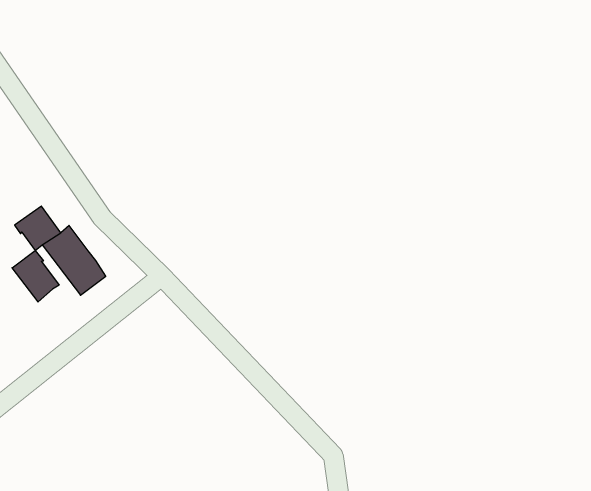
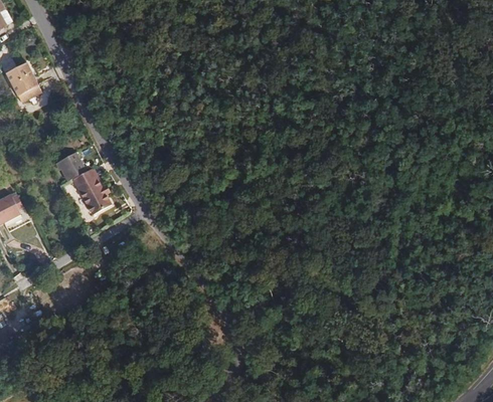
building: [12,250,59,302] -> none

